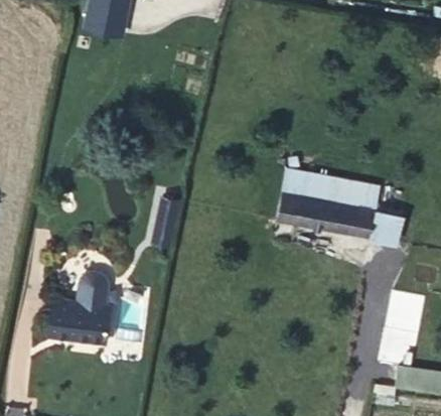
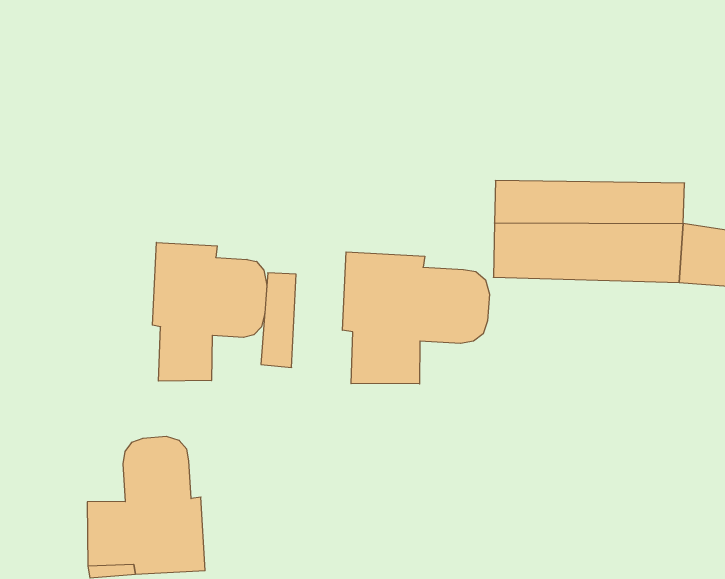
building: none -> [152,242,267,381]
building: none -> [342,252,490,384]

